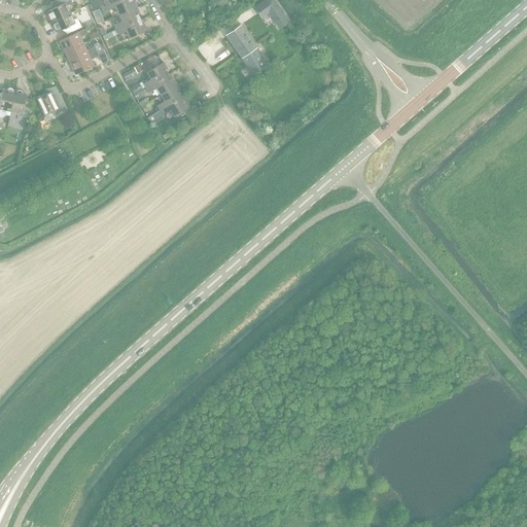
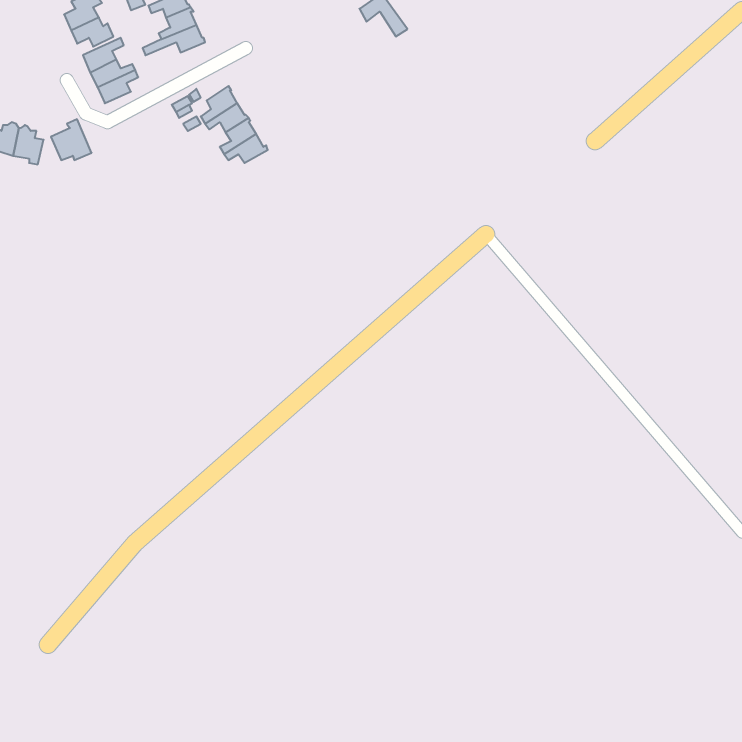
building: [225,24,266,73] -> none

